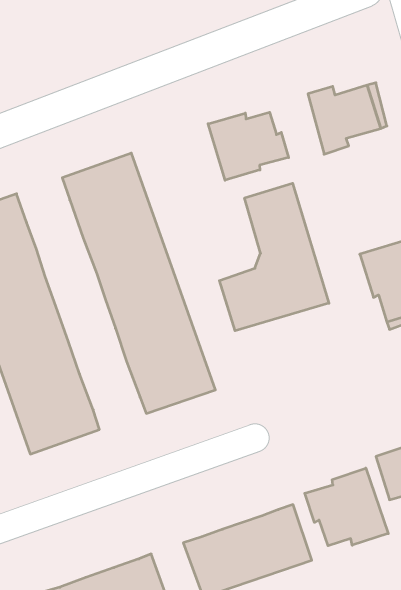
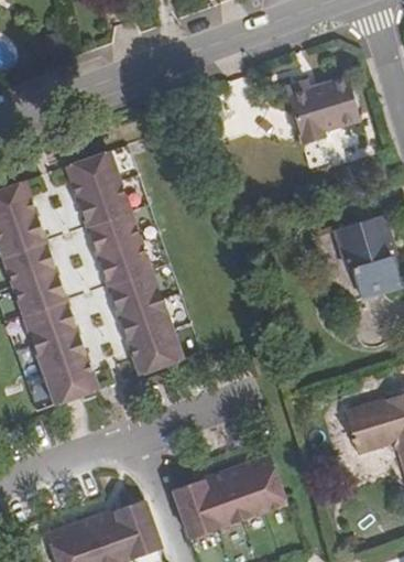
building: [208,112,289,180] -> none
building: [219,183,329,331] -> none
building: [305,468,388,546] -> none

